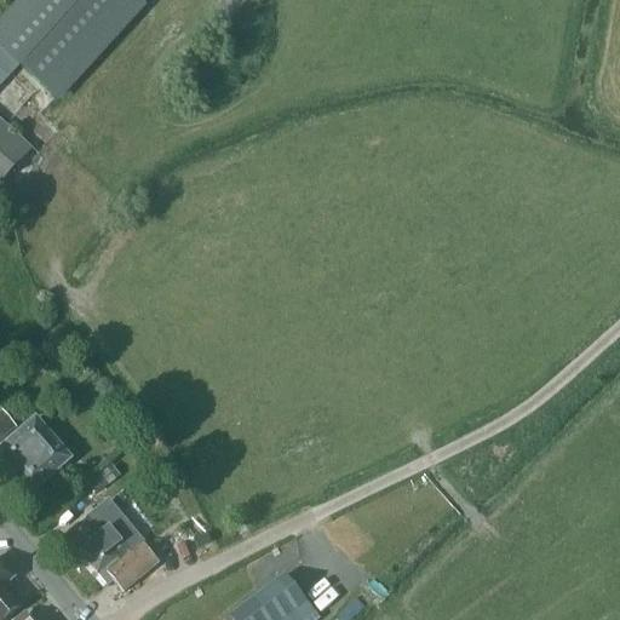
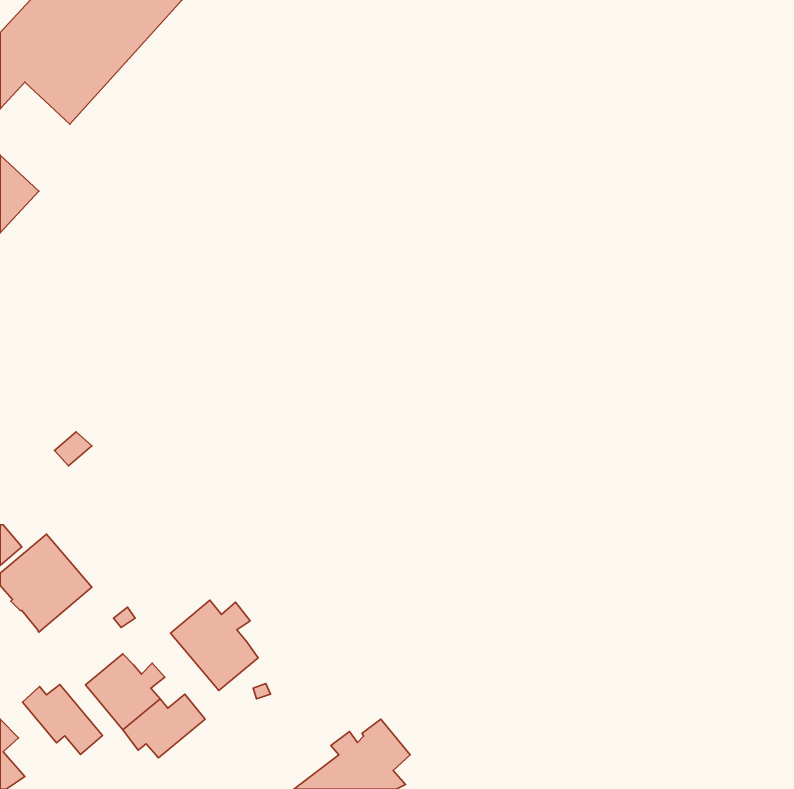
building: none -> [171,600,258,691]
building: none -> [22,685,102,754]

